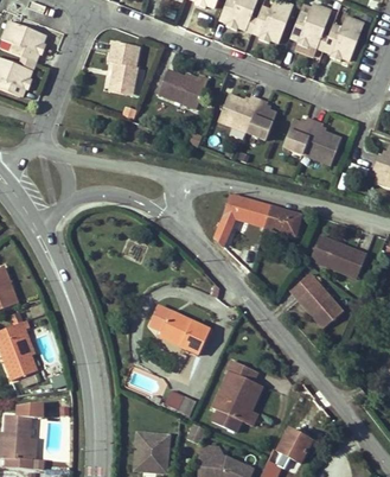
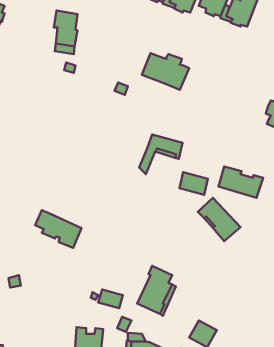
building: [156,69,206,108] -> none
building: [283,116,341,165] -> none
building: [264,206,300,235] -> [180,172,208,195]
building: [151,307,209,355] -> [35,210,82,248]

